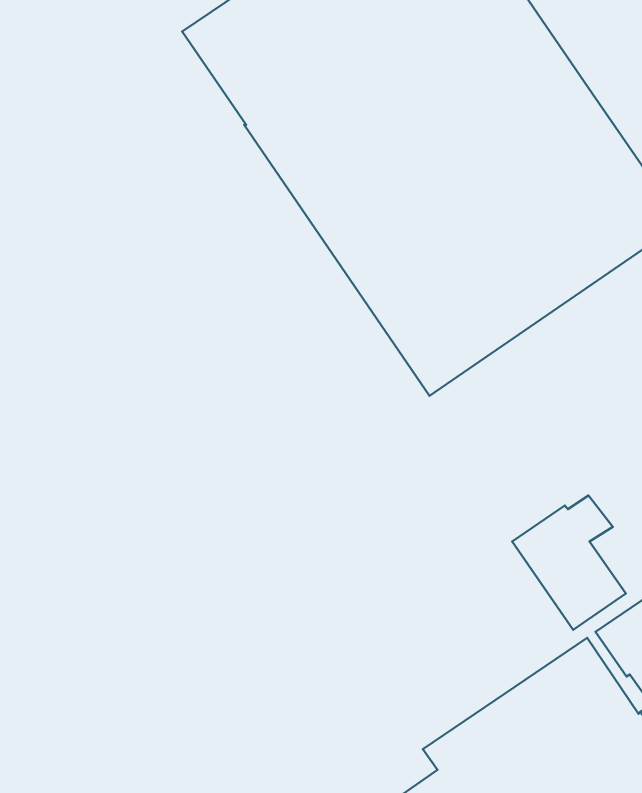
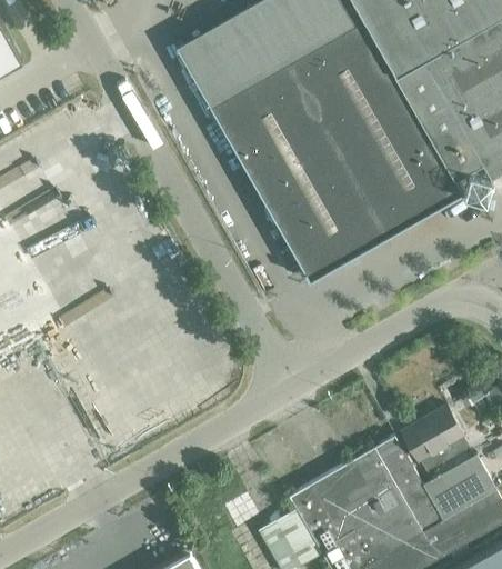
building: [512,496,626,630] -> none

